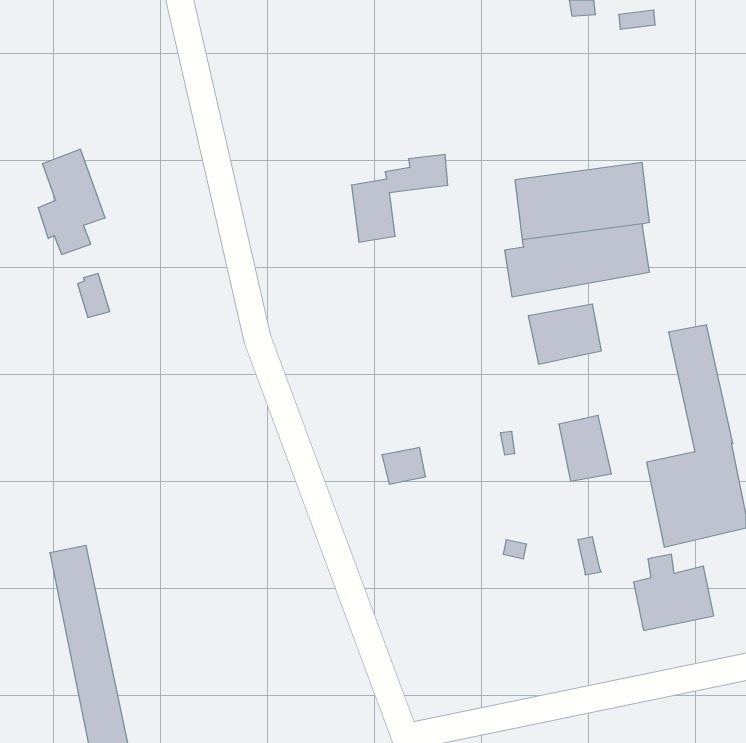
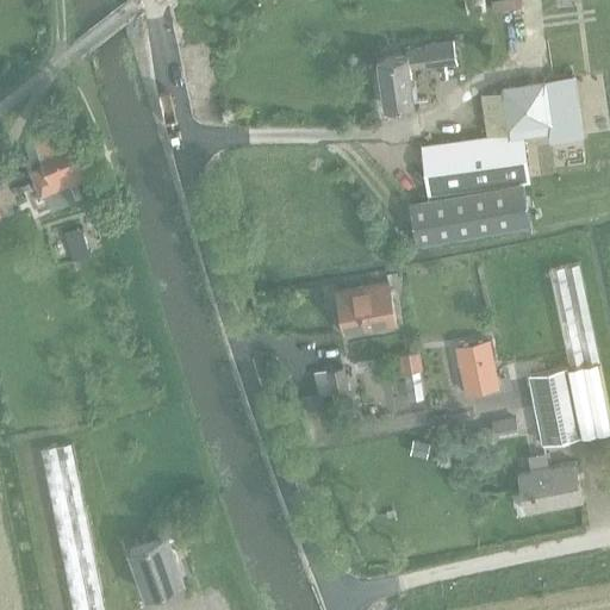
building: none -> [479,77,580,139]
building: [351,154,448,242] -> [378,41,456,112]
building: [528,304,601,364] -> [337,287,397,336]
building: none -> [131,540,182,598]

